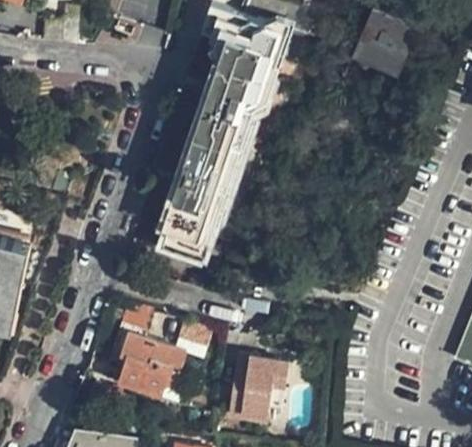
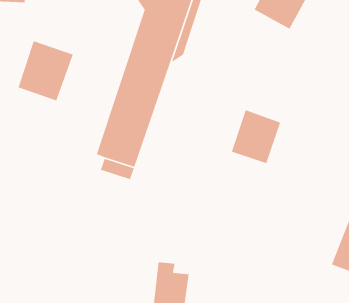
building: none -> [17,40,74,102]
building: none -> [231,109,281,164]
building: [112,322,189,396] -> none

